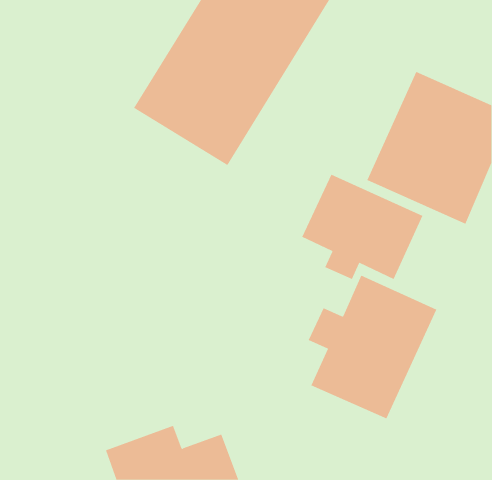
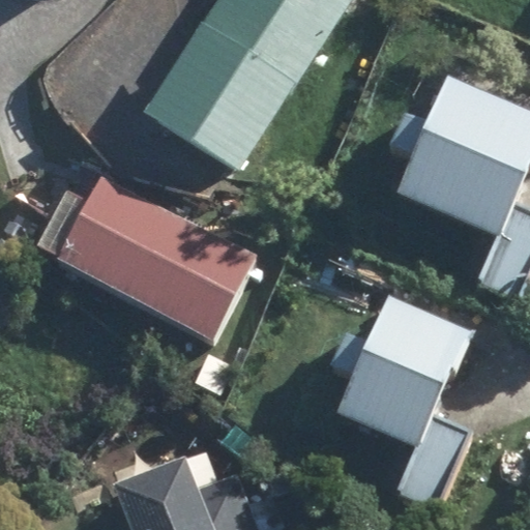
building: none -> [59,173,259,338]
building: [301,174,423,280] -> none

